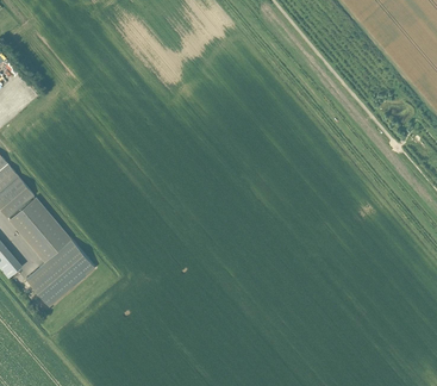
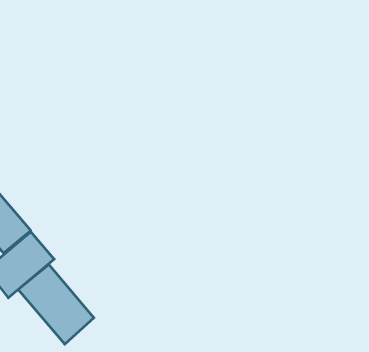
building: none -> [18,265,94,344]

